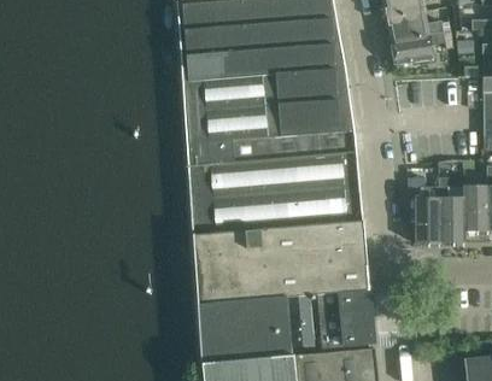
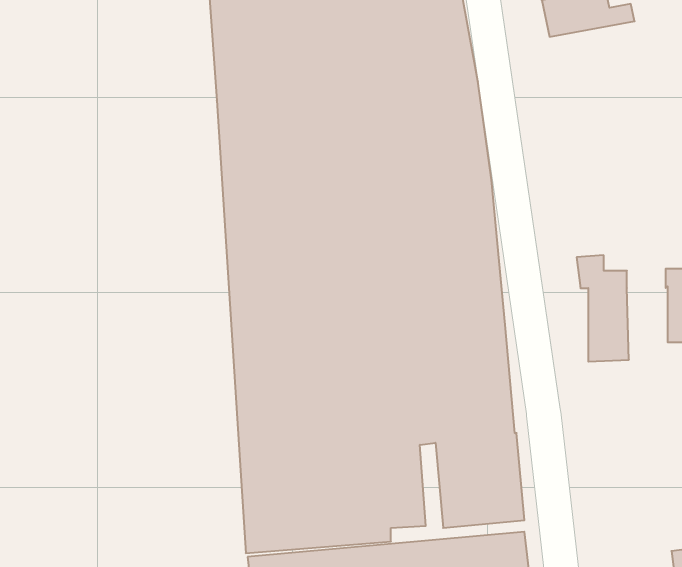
building: [390,33,445,66] -> none
building: [438,174,464,244] -> none

